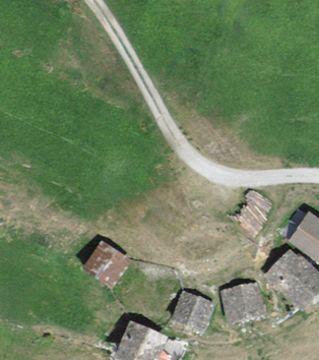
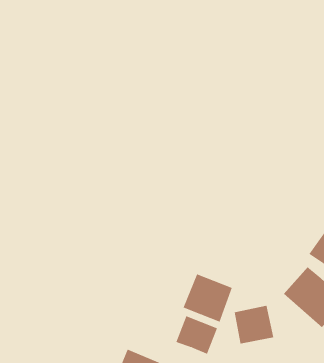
building: [86,242,128,284] -> none
building: none -> [183,273,233,322]

